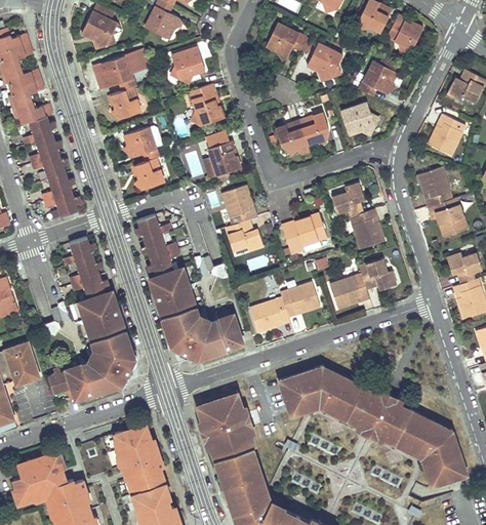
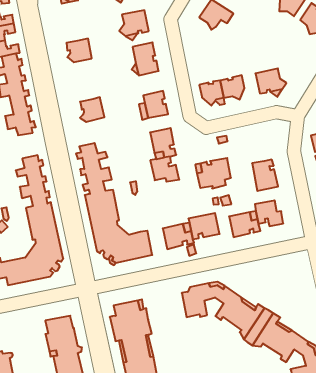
building: [306,43,342,82] -> none
building: [98,52,148,92] -> none
building: [358,56,402,96] -> none
building: [124,127,159,161] -> none
building: [331,184,363,217] -> none

